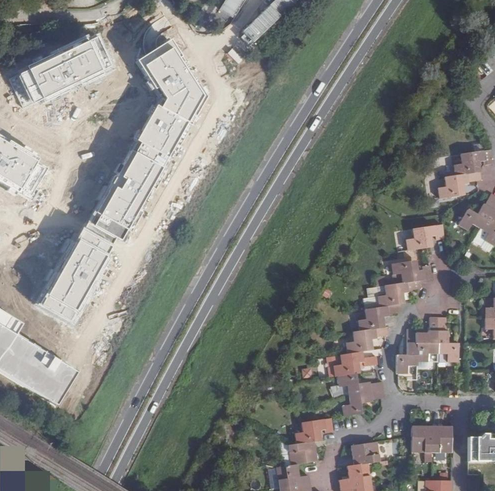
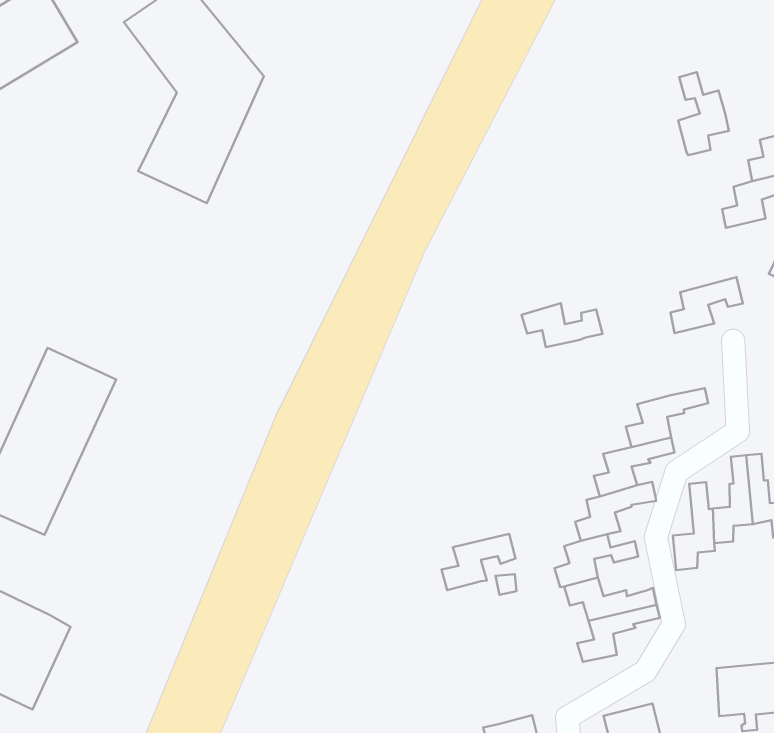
building: none -> [678,72,729,155]
building: [89,140,169,238] -> none
building: [391,259,432,281] -> [521,303,602,347]
building: [294,417,333,443] -> [441,534,516,590]

